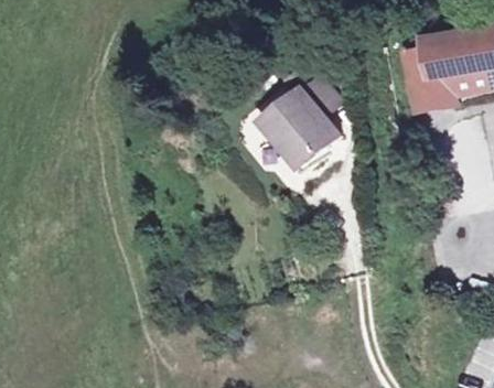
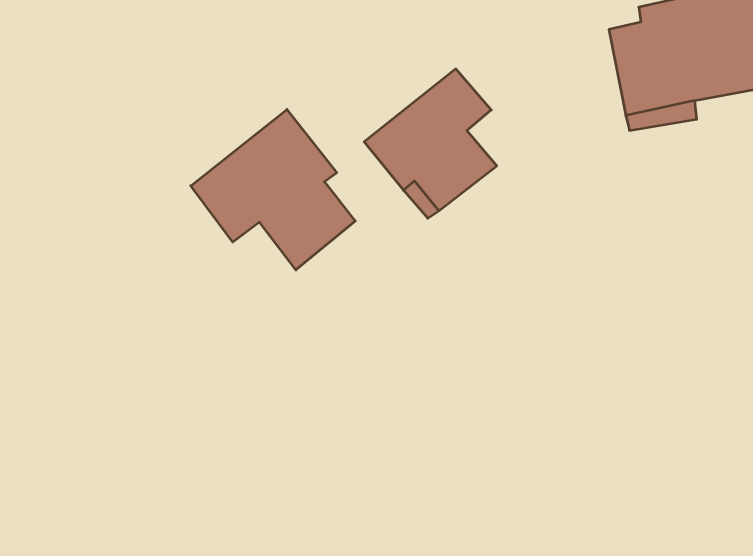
building: none -> [191,109,355,270]

